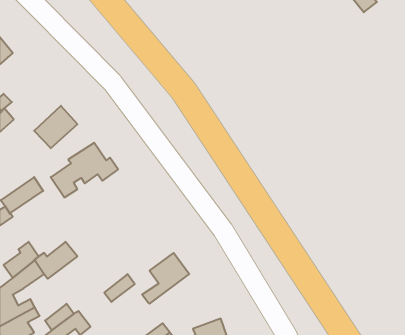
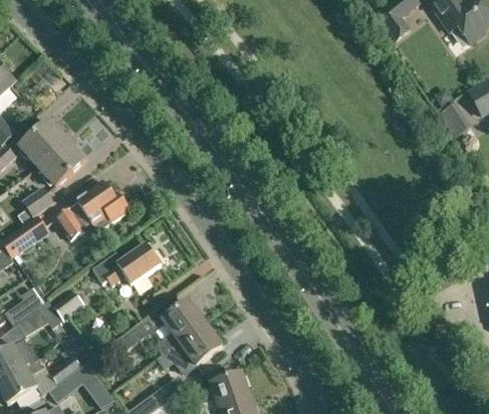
building: none -> [20,120,67,167]
building: none -> [18,186,54,223]
building: none -> [93,242,161,284]
building: none -> [158,323,223,372]

